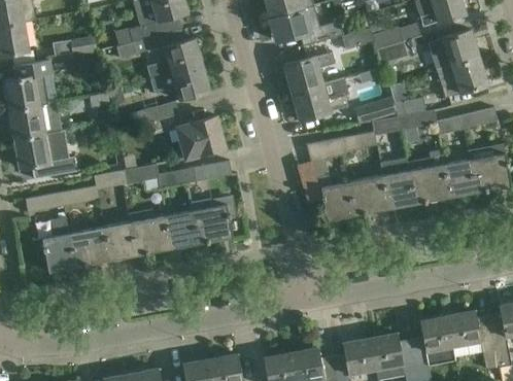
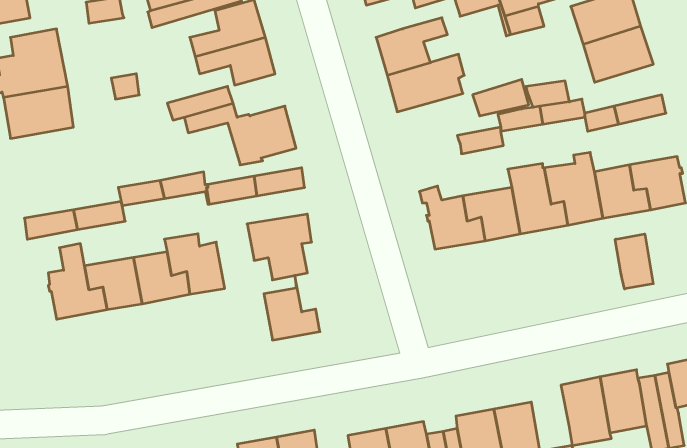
building: [14,131,77,178] -> none
building: [305,137,347,163] -> none
building: [166,202,207,249] -> [264,275,320,340]
building: none -> [615,234,653,289]

